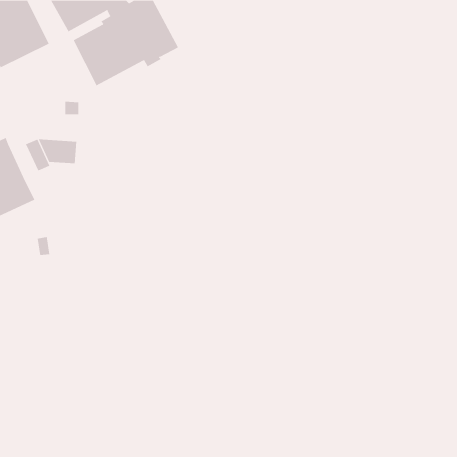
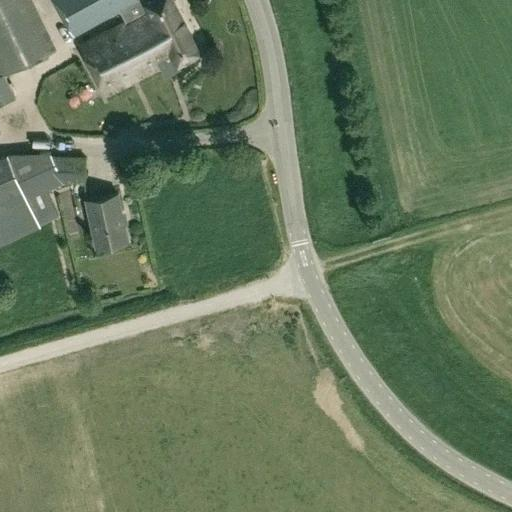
building: none -> [10,155,57,224]
building: none -> [85,194,127,247]

